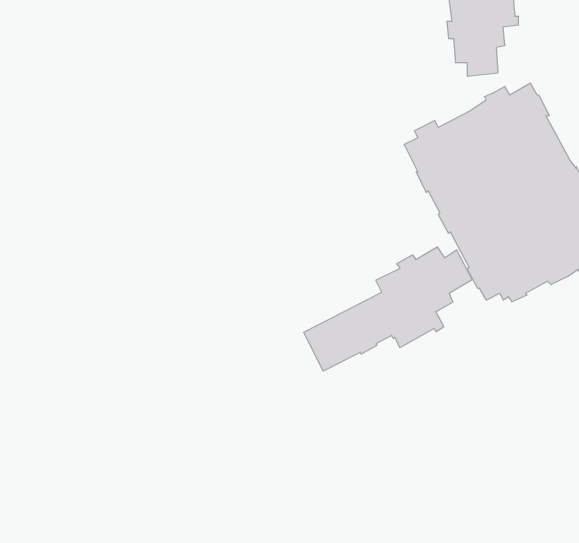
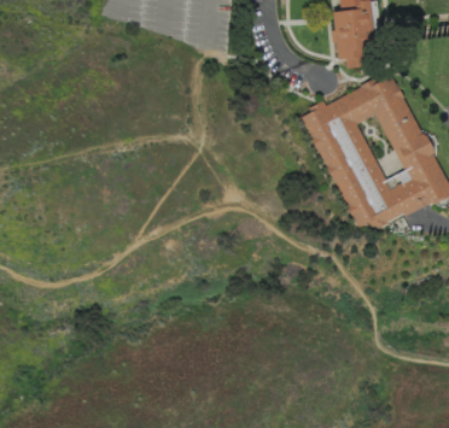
building: [304,247,472,371] -> none

